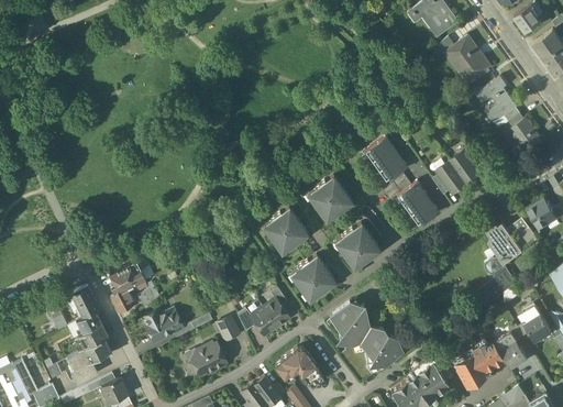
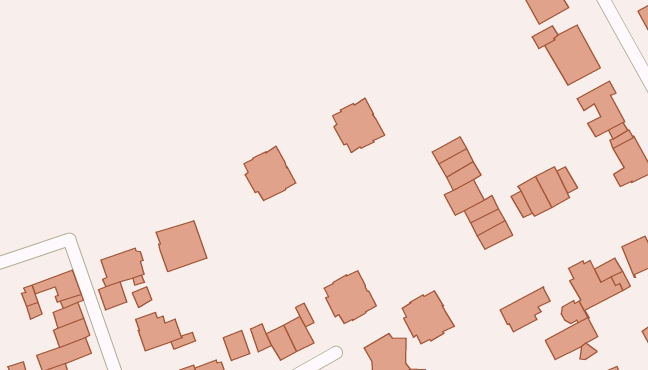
building: [310,175,354,220] -> [333,98,385,152]
building: [265,207,309,252] -> [244,146,296,201]
building: [338,223,382,267] -> [402,291,454,344]
building: none -> [156,221,207,272]
building: none -> [500,287,550,332]

